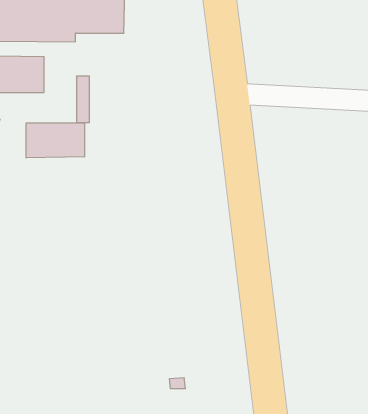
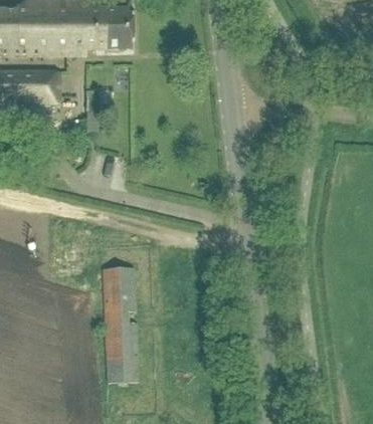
building: [26,123,84,158] -> none
building: none -> [104,266,139,382]

